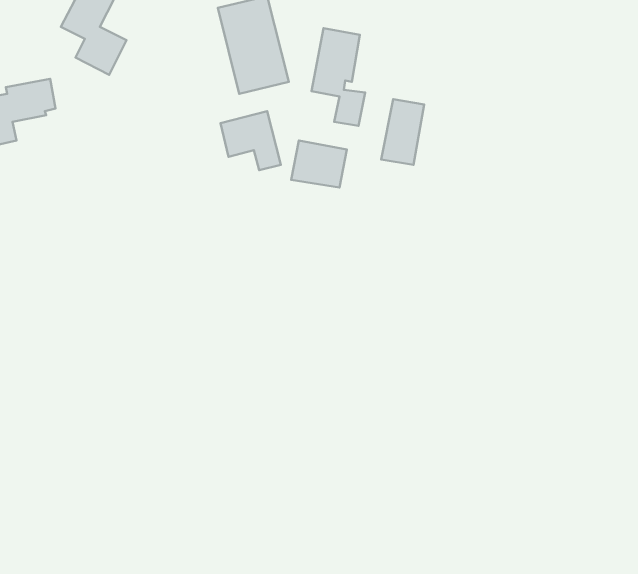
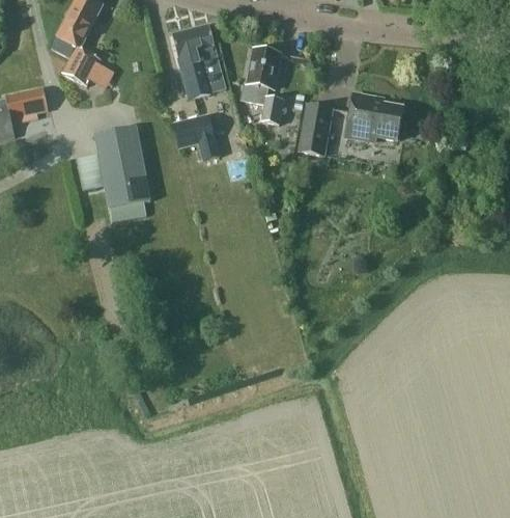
building: none -> [344,93,402,141]
building: none -> [94,126,150,220]
building: [291,140,347,187] -> none

